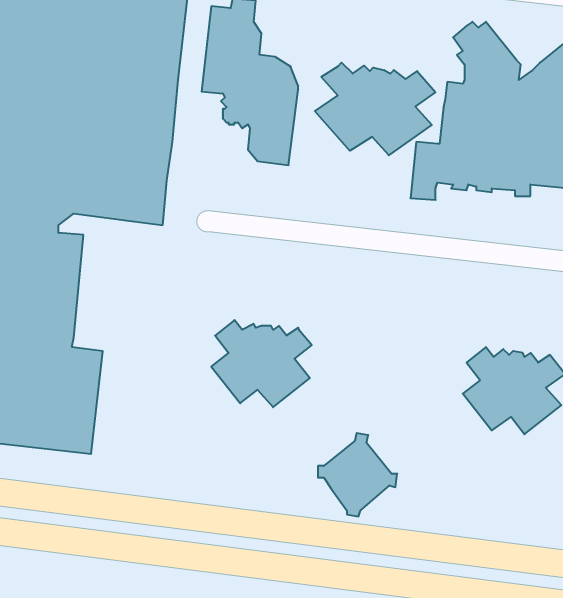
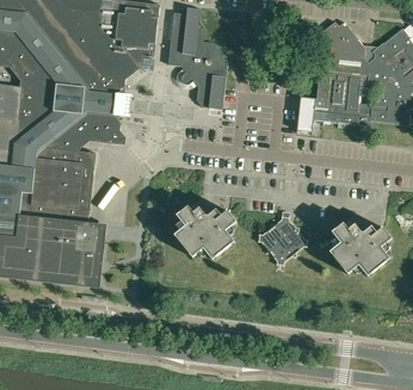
building: [315,63,435,155] -> none
building: [318,433,397,516] -> [257,212,306,264]

